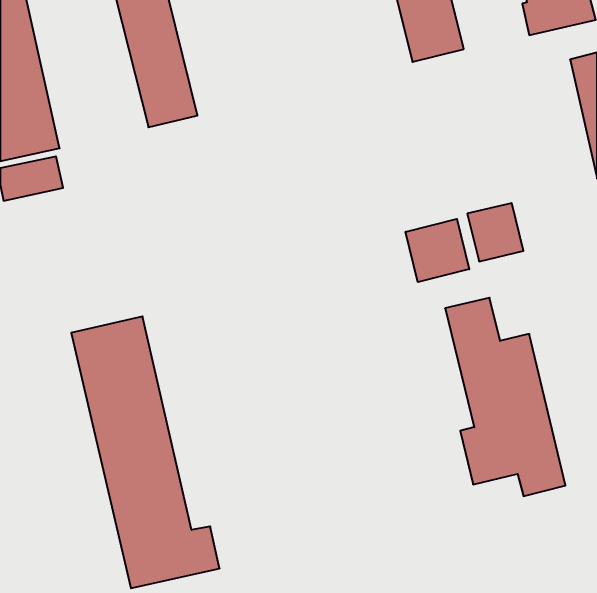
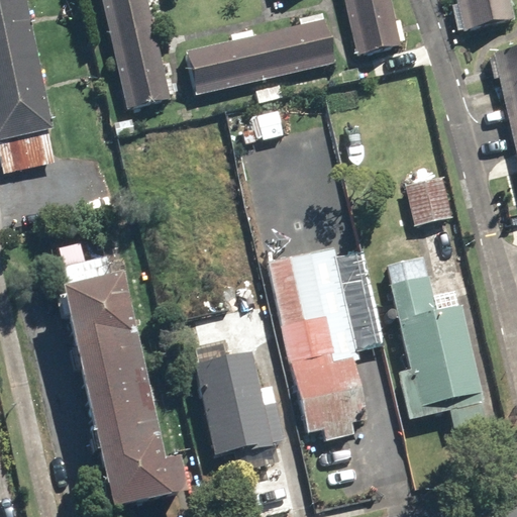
building: none -> [187,16,338,95]
building: [406,219,469,282] -> none
building: none -> [267,246,369,440]
building: none -> [193,349,286,459]

